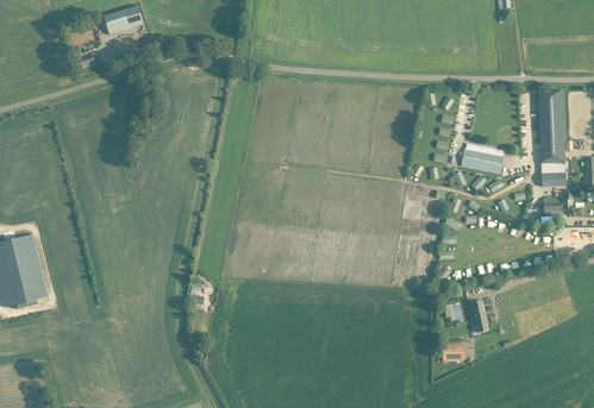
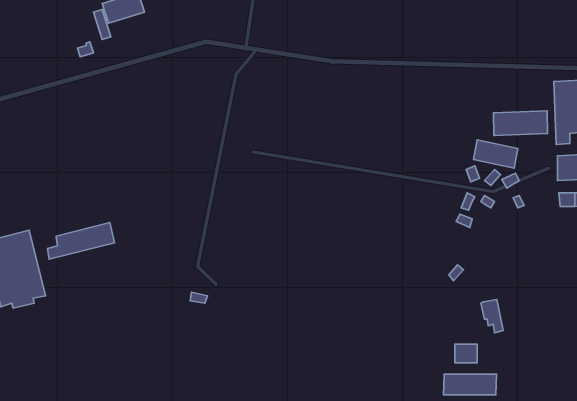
building: none -> [493,111,547,135]
building: none -> [47,222,115,259]
building: none -> [443,374,496,395]

